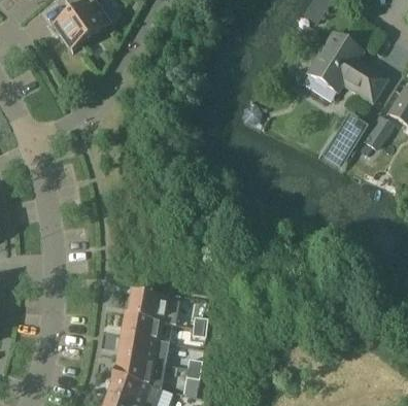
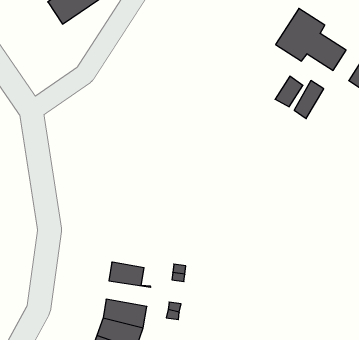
building: [362,114,393,148] -> [275,76,303,107]
building: [127,293,179,323] -> none
building: [120,335,169,364] -> none

